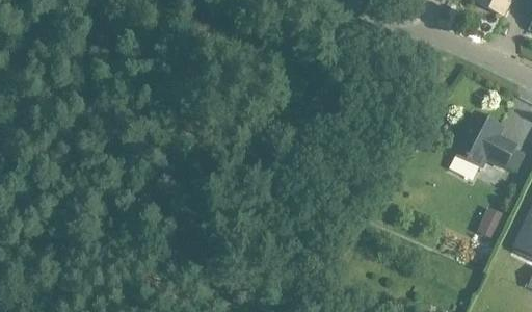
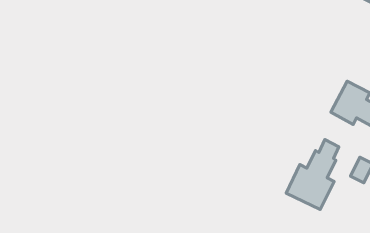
building: none -> [286,139,339,209]

